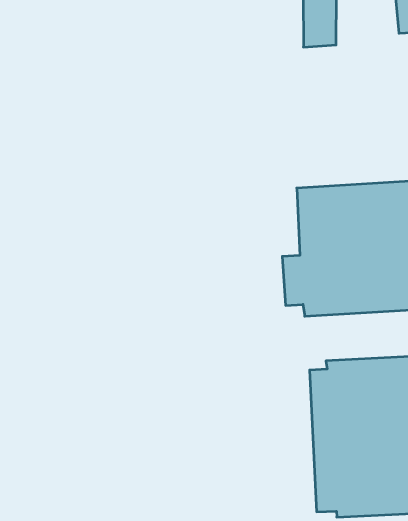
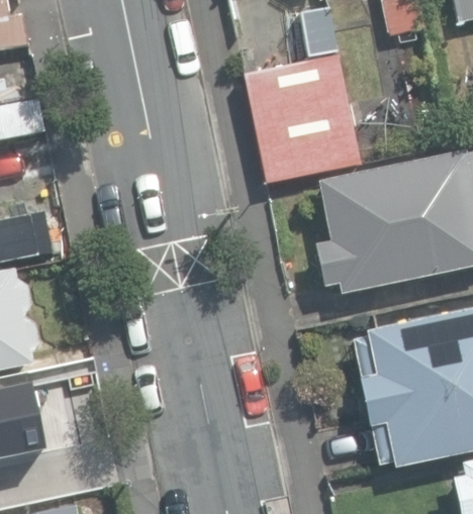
building: none -> [243,54,361,183]

